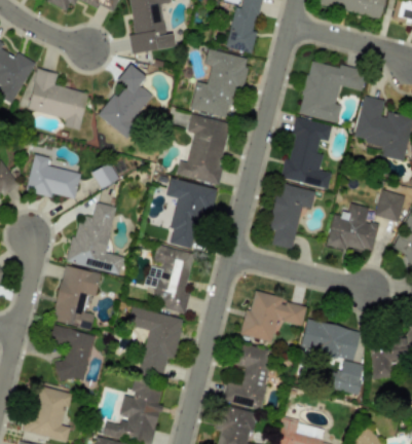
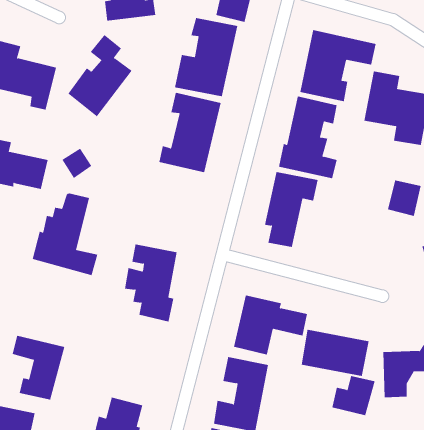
building: [166,179,212,250] -> none
building: [326,203,379,252] -> none
building: [49,263,102,329] -> none
building: [127,306,184,378] -> none

